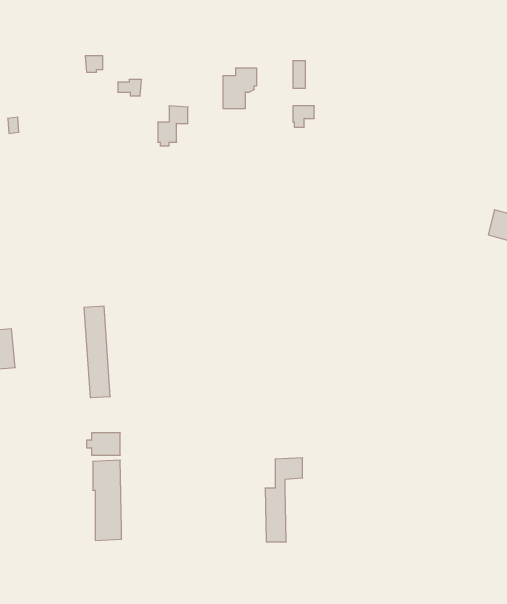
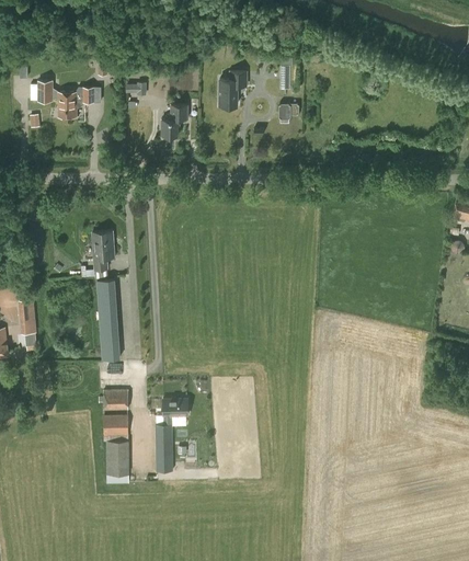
building: none -> [38,81,101,116]
building: none -> [92,231,114,278]
building: [265,458,303,542] -> [155,398,187,471]

